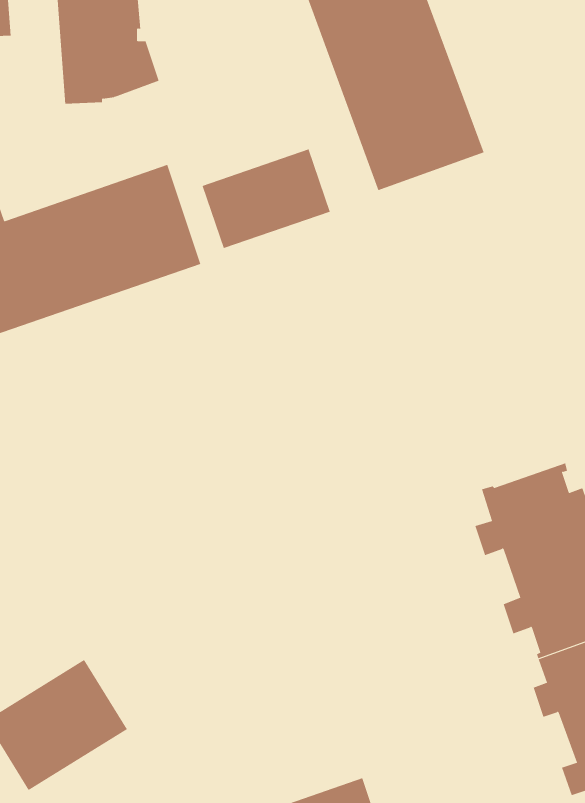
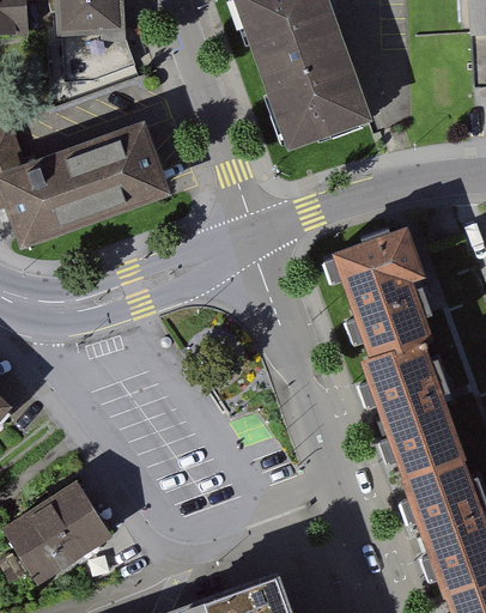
building: [202,149,331,249] -> none
building: none -> [327,227,433,357]

